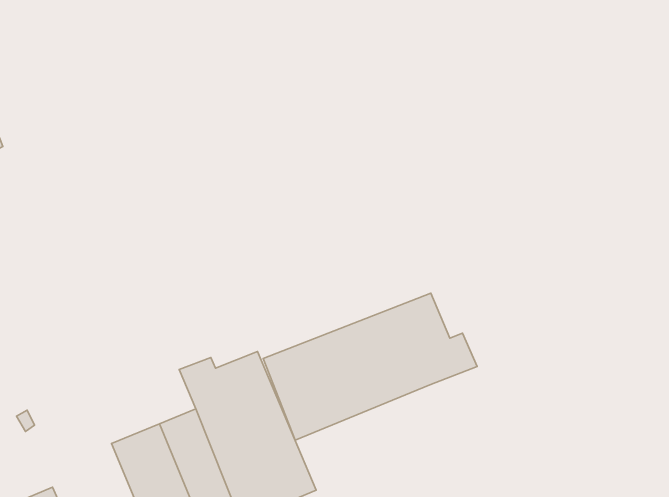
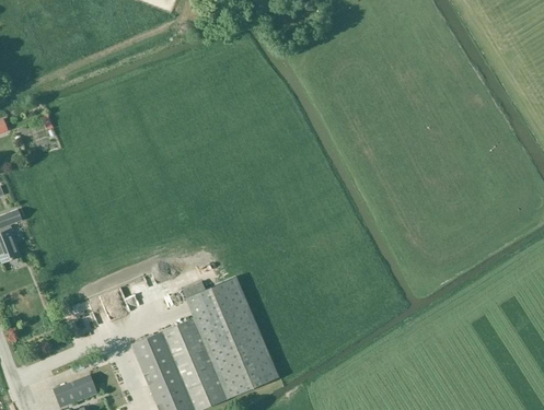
building: [263,293,477,440] -> none

